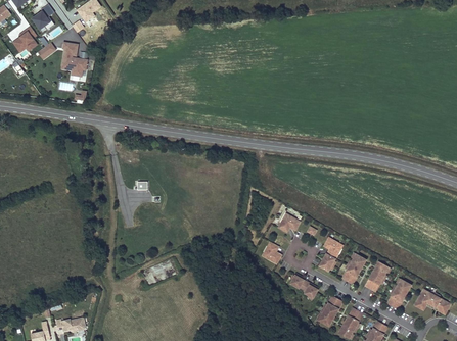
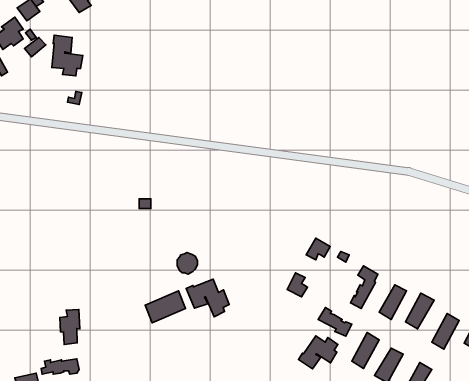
building: none -> [186,279,229,317]
building: none -> [60,309,80,345]
building: none -> [298,336,338,369]

